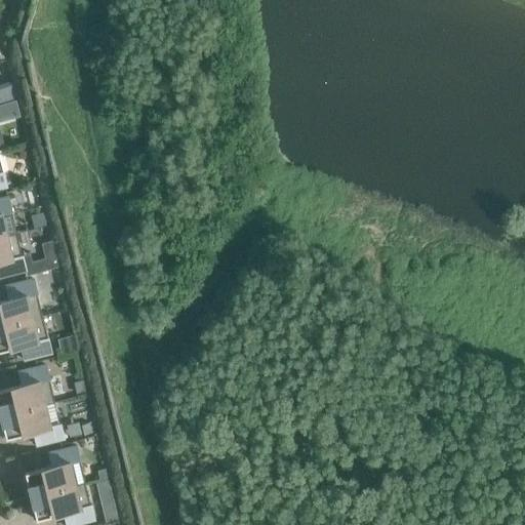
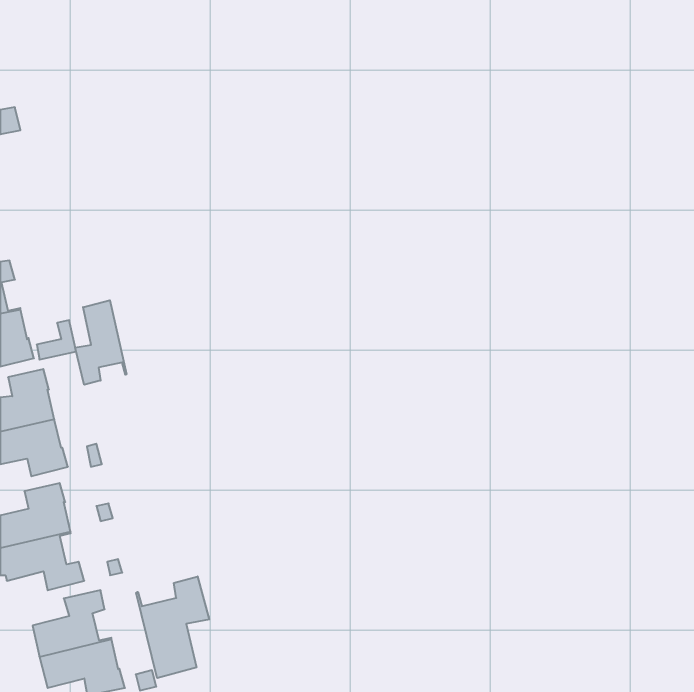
building: none -> [75,300,126,385]
building: none -> [136,576,209,678]

